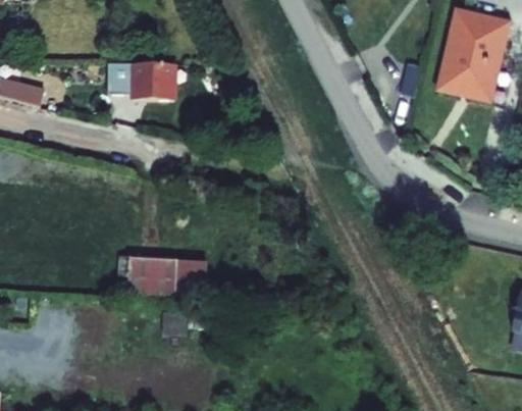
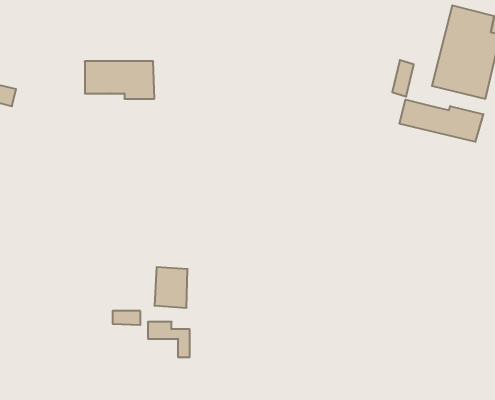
building: none -> [400,100,483,142]
building: [118,255,176,295] -> none

